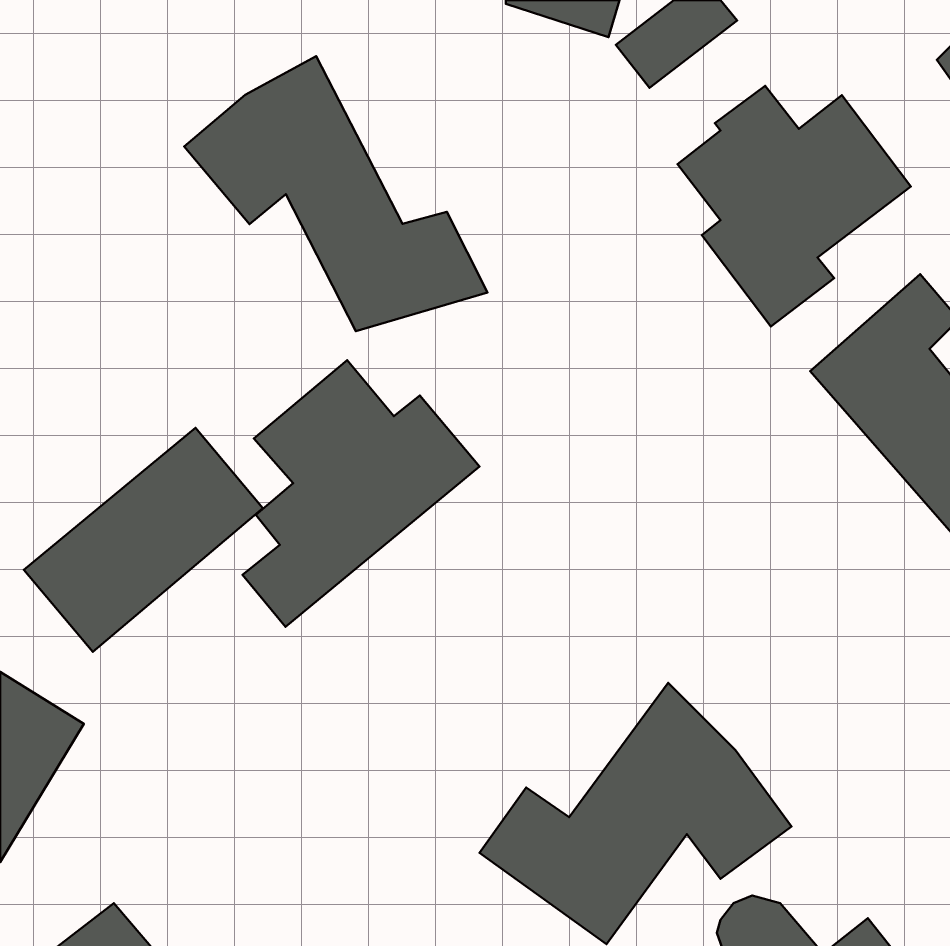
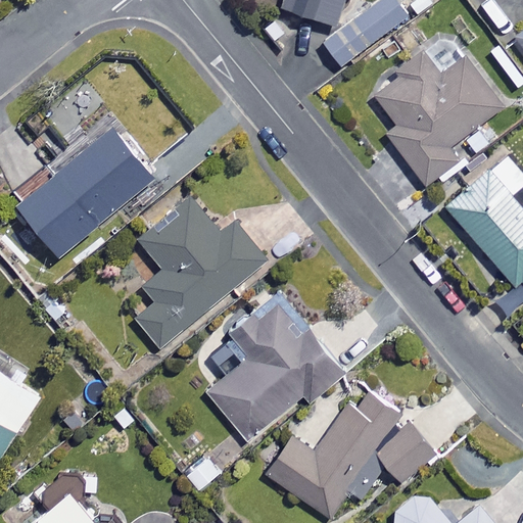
building: [184,56,488,331] -> none
building: [24,428,263,652] -> [27,133,157,255]
building: none -> [206,296,343,441]

